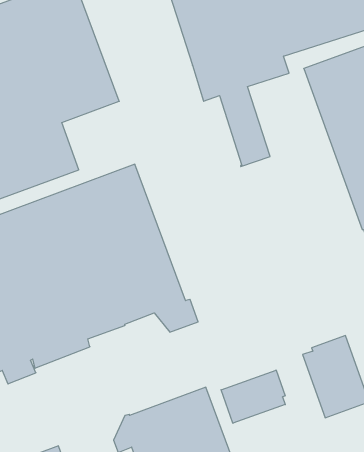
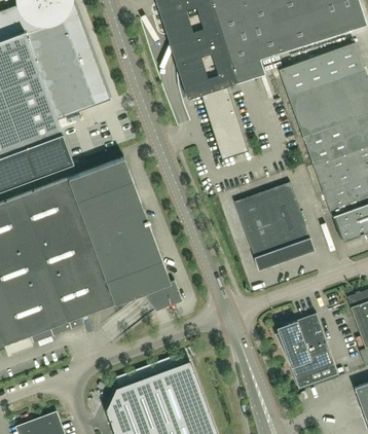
building: none -> [234,182,315,270]
building: [221,370,285,423] -> none

